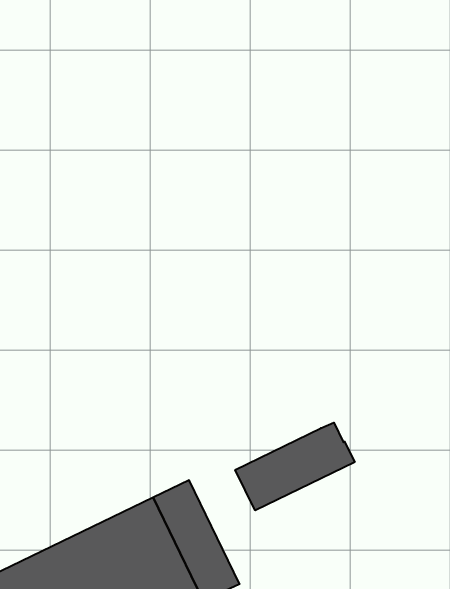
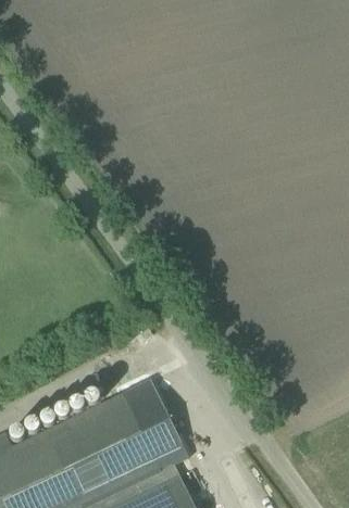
building: [235,423,355,510] -> none

